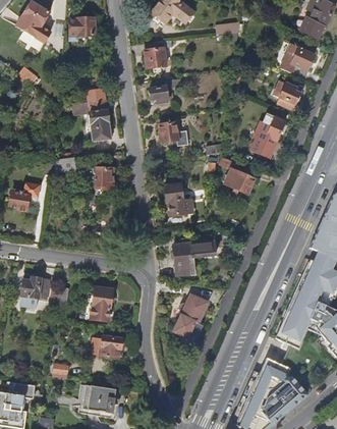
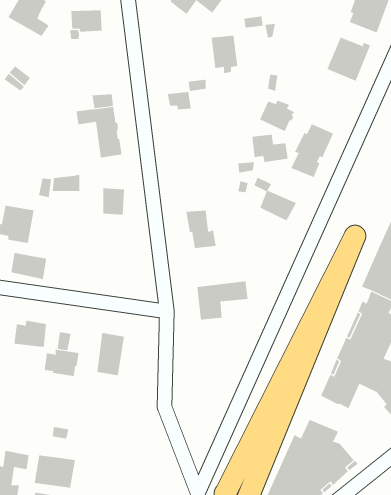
building: [145,42,167,73] -> [211,35,238,73]
building: [271,84,300,110] -> [259,100,295,132]
building: [159,122,189,146] -> [251,134,289,163]
building: none -> [11,252,47,280]
building: [175,293,208,341] -> none
building: [94,335,123,358] -> [44,349,80,376]
building: [89,386,123,414] -> [34,455,76,488]

